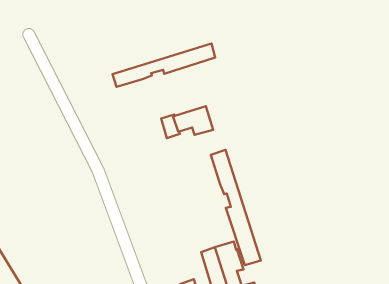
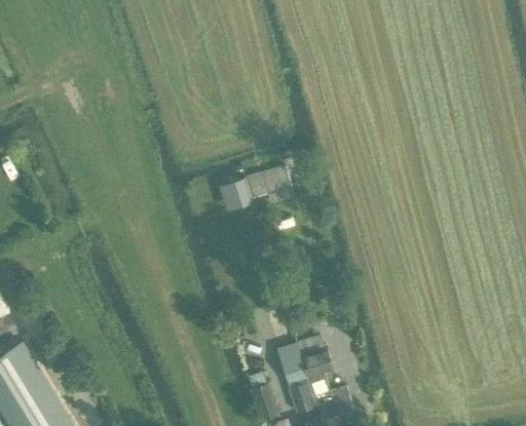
building: [113,44,215,87] -> none
building: [211,150,261,265] -> none

